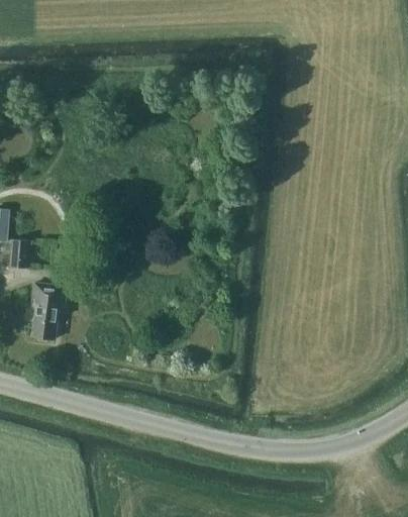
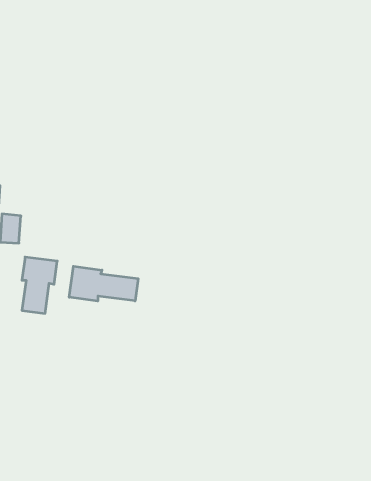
building: none -> [69,266,138,301]

